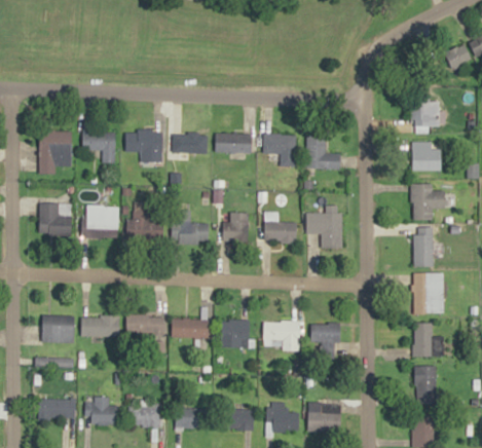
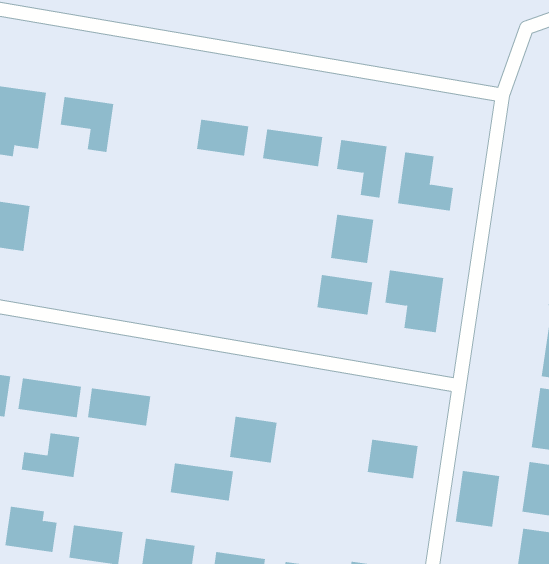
building: [124,130,162,152] -> none
building: [82,206,118,238] -> none
building: [133,206,162,240] -> none
building: [172,211,210,244] -> none
building: [224,213,249,241] -> [330,214,374,263]
building: [171,319,210,338] -> [170,463,234,501]
building: [263,321,299,350] -> none
building: none -> [455,470,500,528]
building: none -> [21,432,80,478]

